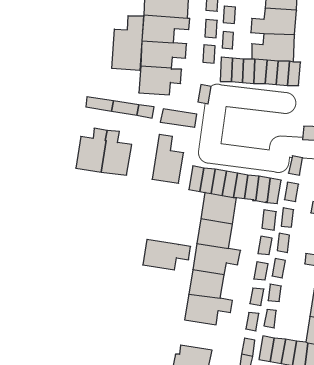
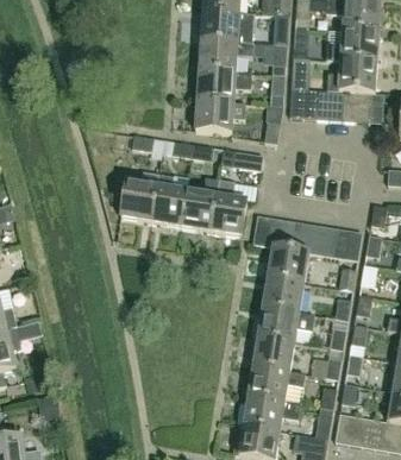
building: [112,16,143,71] -> none
building: none -> [180,176,218,231]
building: [143,239,191,270] -> [243,395,299,430]

